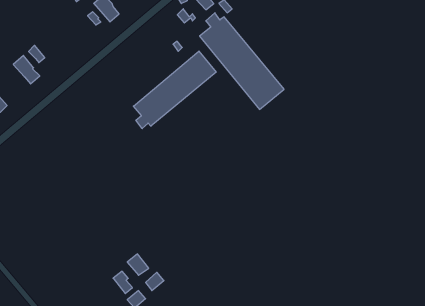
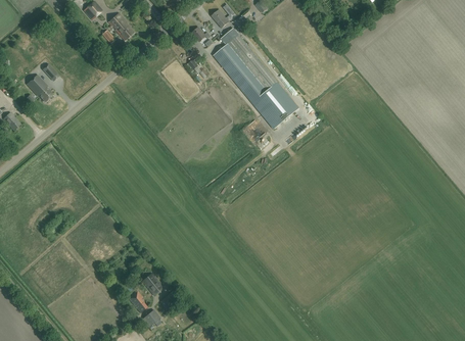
building: [133,51,216,129] -> none

